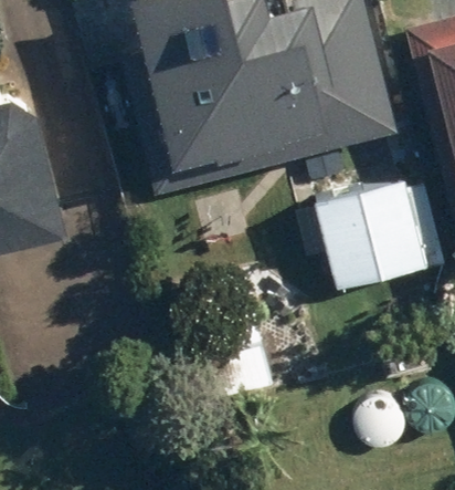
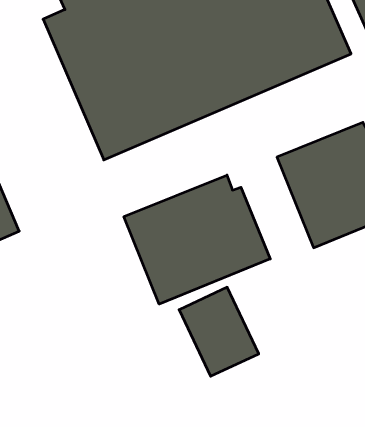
building: none -> [124,175,270,304]

